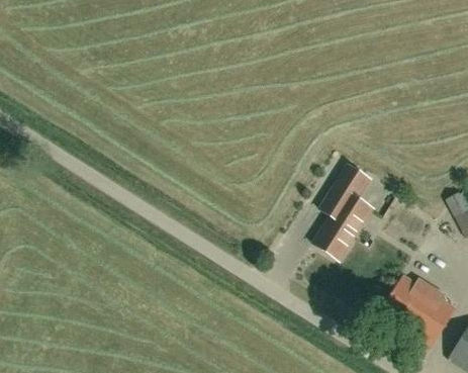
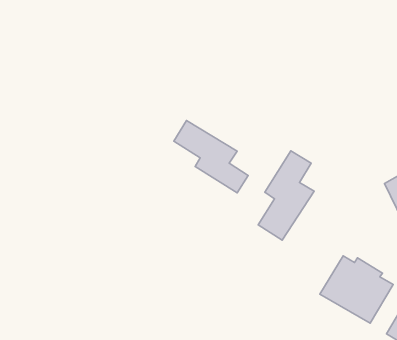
building: none -> [174,120,248,193]

